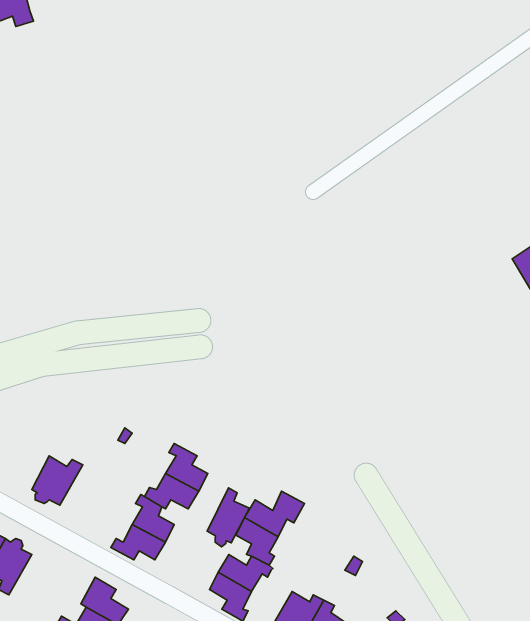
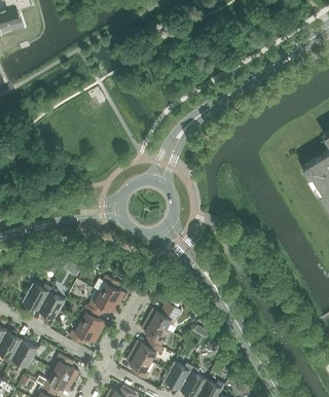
building: none -> [38,288,65,321]
building: [207,488,250,547] -> none
building: none -> [8,340,37,369]

